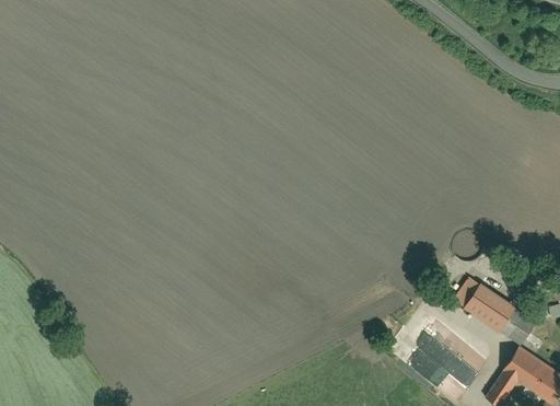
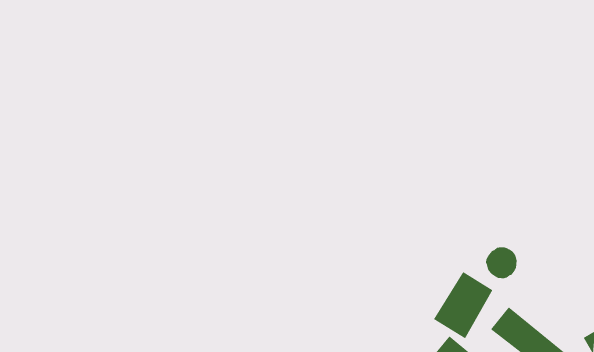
building: none -> [433,271,493,339]

